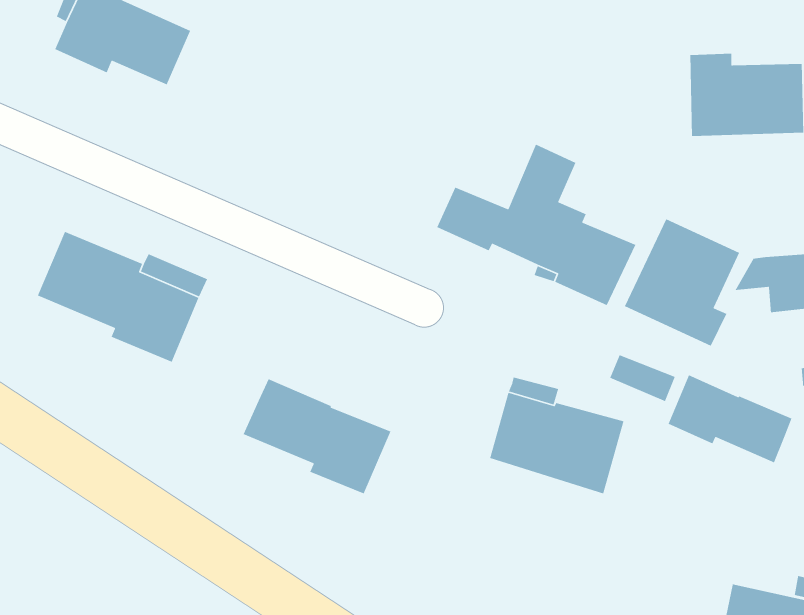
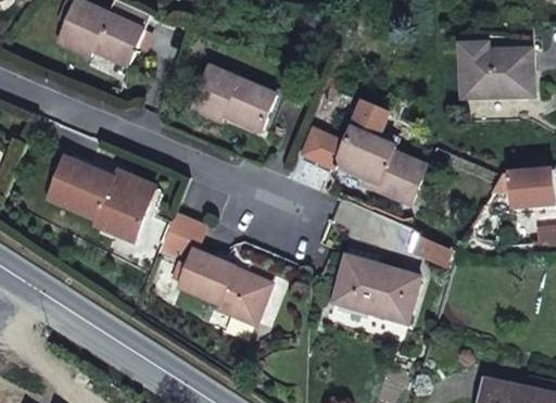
building: none -> [191,66,277,129]
building: [624,218,740,347] -> none
building: none -> [157,212,204,264]
building: [668,374,793,464] -> none

